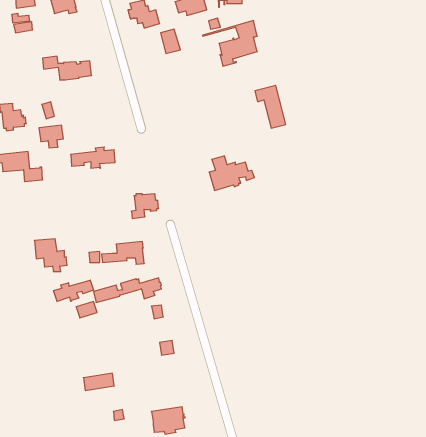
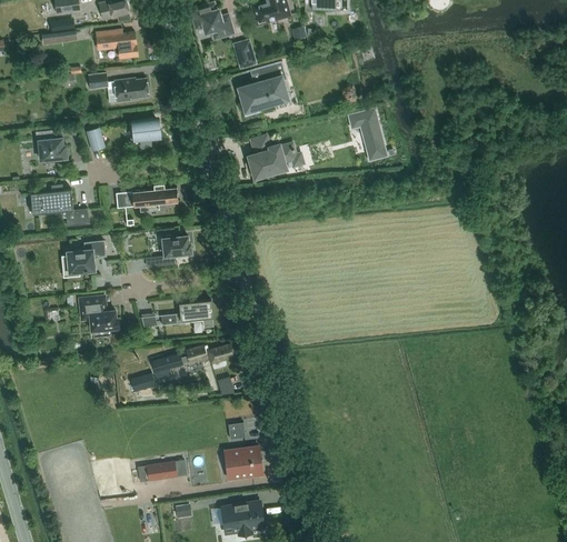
building: none -> [96,29,138,59]
building: [203,21,257,66] -> [220,61,287,117]
building: [39,125,63,148] -> [129,120,159,148]
building: [209,156,254,190] -> [248,137,304,179]
building: none -> [68,241,106,273]
building: [131,194,159,219] -> [159,237,192,267]
building: [54,280,94,302] -> none
building: none -> [227,448,261,479]

